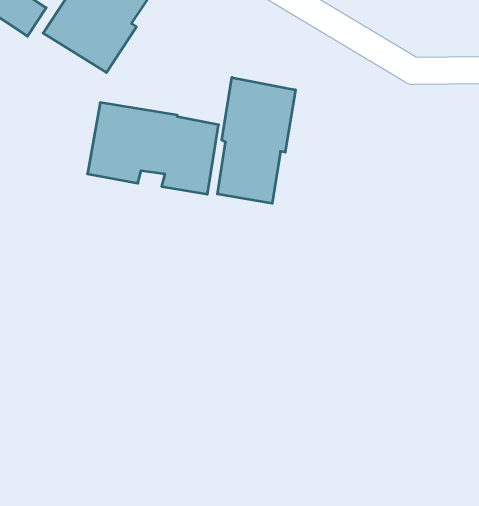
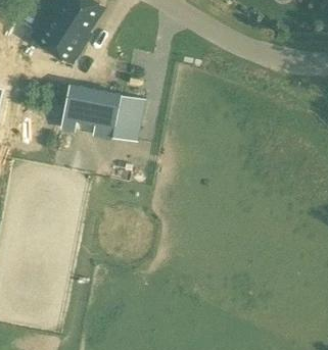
building: [217,77,295,203] -> none

